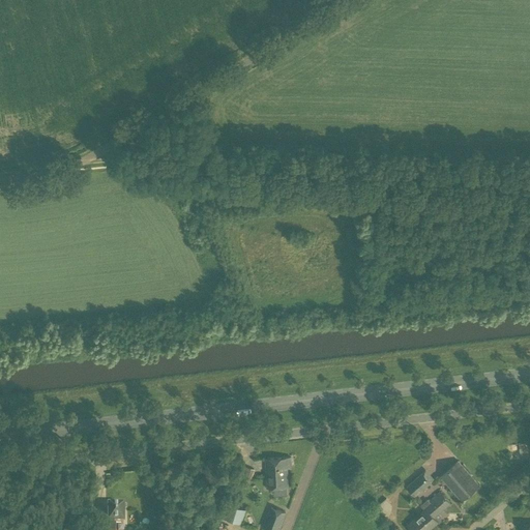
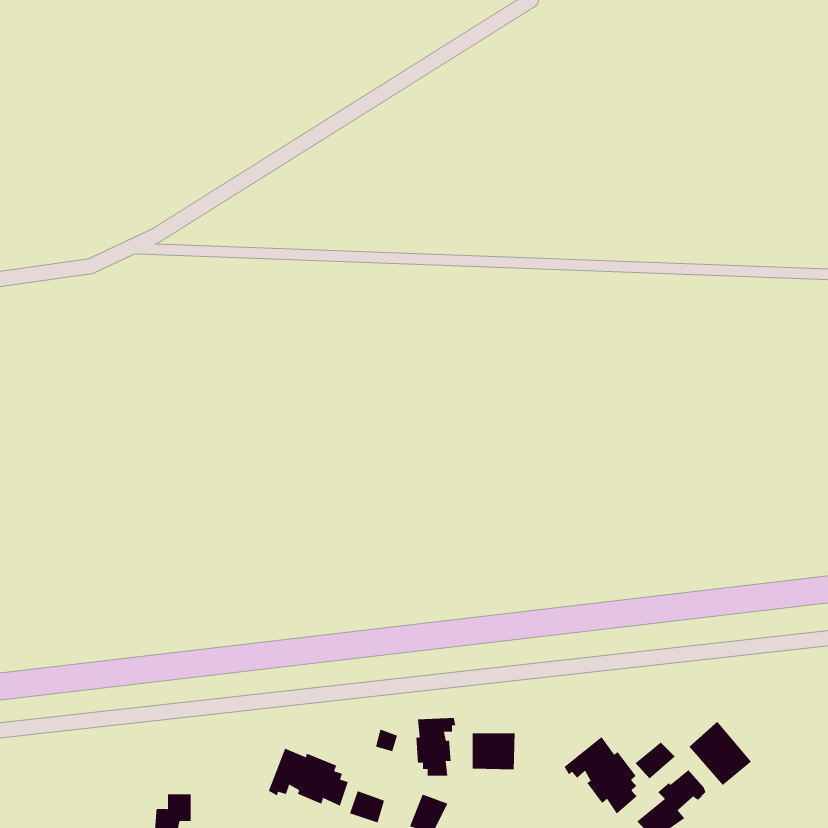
building: none -> [472,732,515,770]
building: none -> [564,736,637,814]
building: none -> [268,748,348,807]

